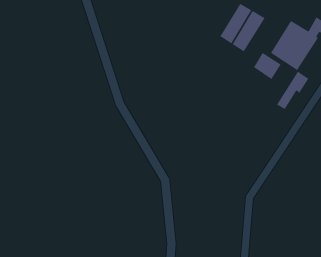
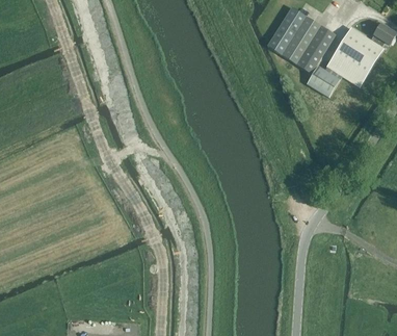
building: [276,71,309,110] -> [296,25,335,71]

